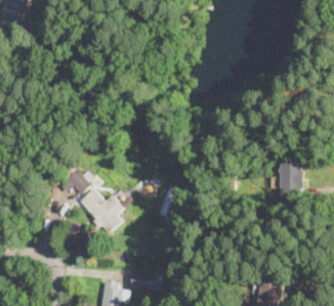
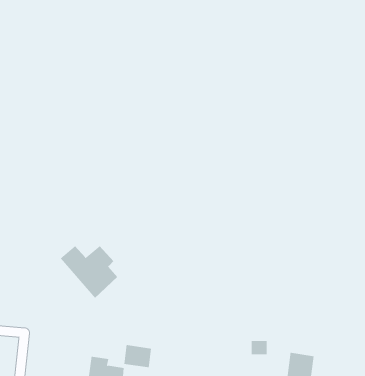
building: [279,160,301,195] -> none
building: [60,169,92,194] -> none

